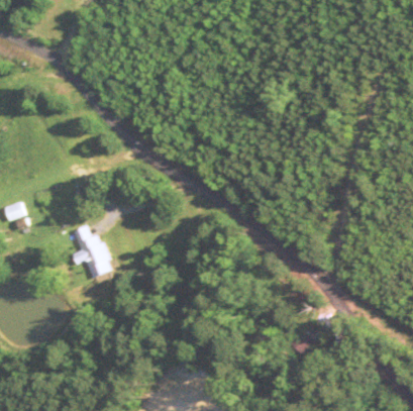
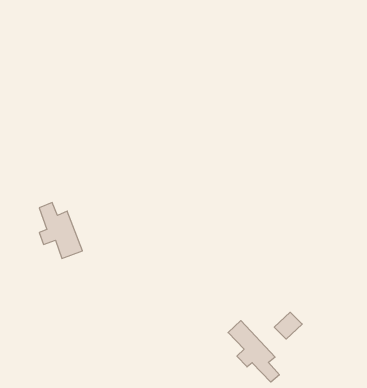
building: none -> [228,321,279,382]

